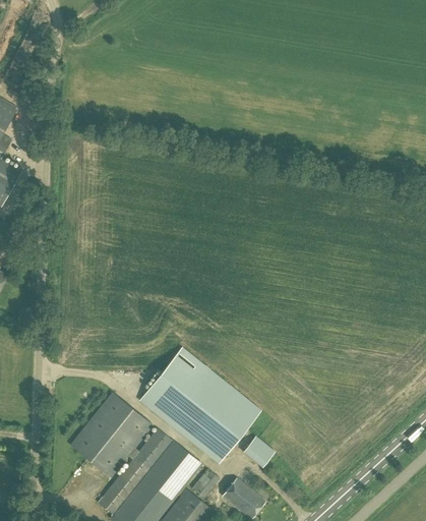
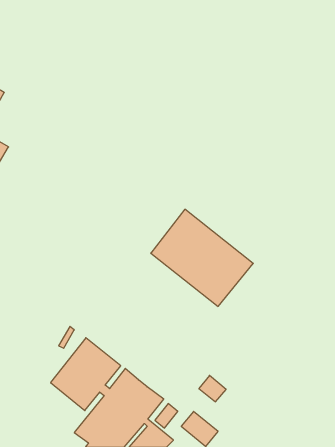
building: [141,349,260,462] -> [151,209,253,306]

